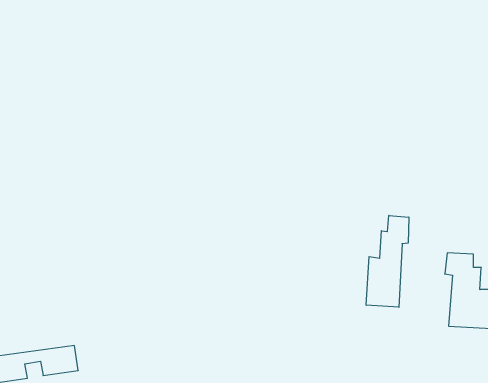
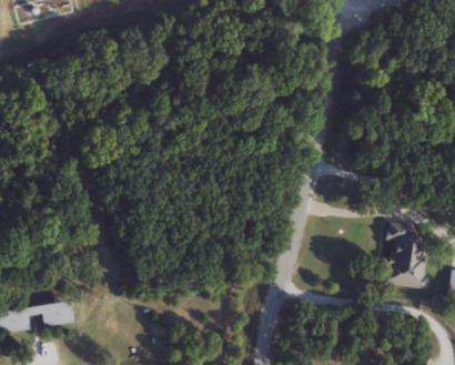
building: [366,215,409,307] -> none

